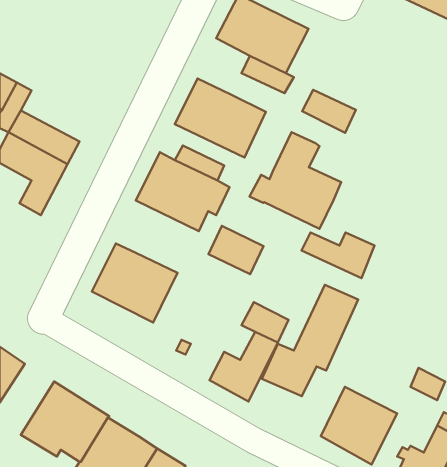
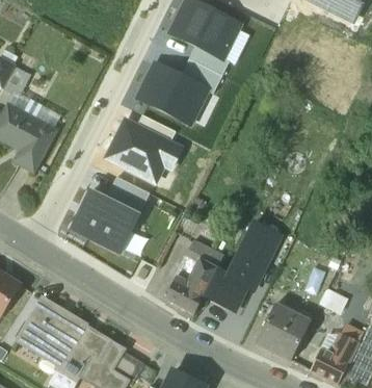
building: [302,90,356,133] -> [181,58,222,92]
building: [250,132,341,229] -> none
building: [209,226,263,274] -> [107,176,150,213]
building: [301,232,375,278] -> none

